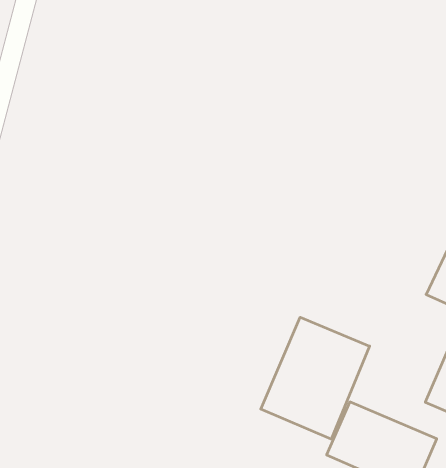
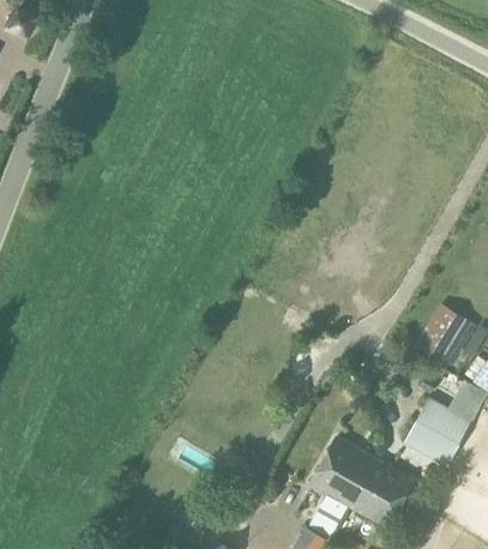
building: [261,317,370,439] -> none

